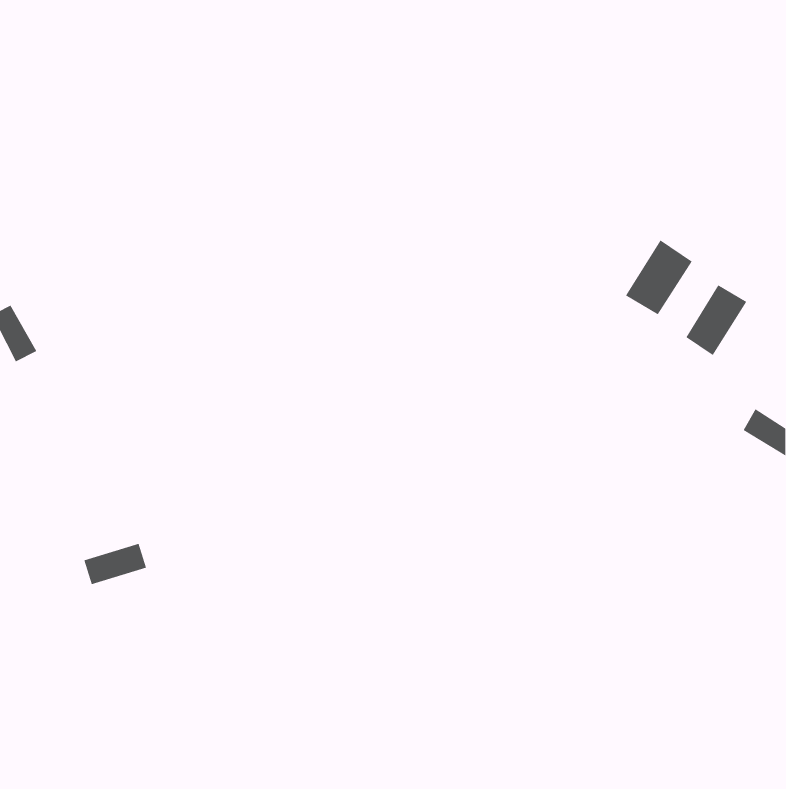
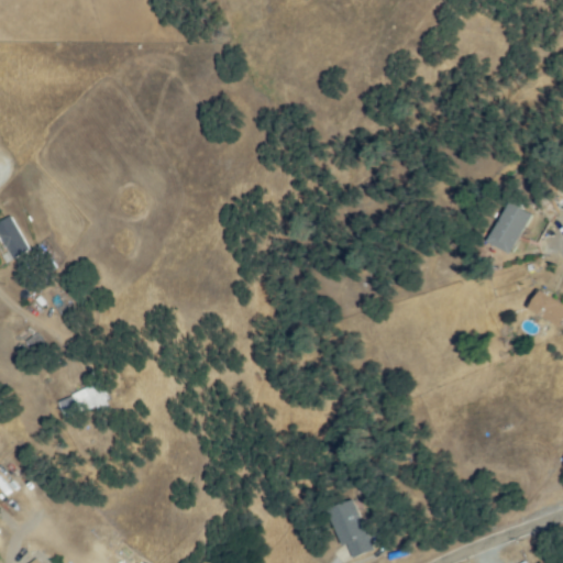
building: [625,240,692,315] -> none
building: none -> [329,500,371,556]

